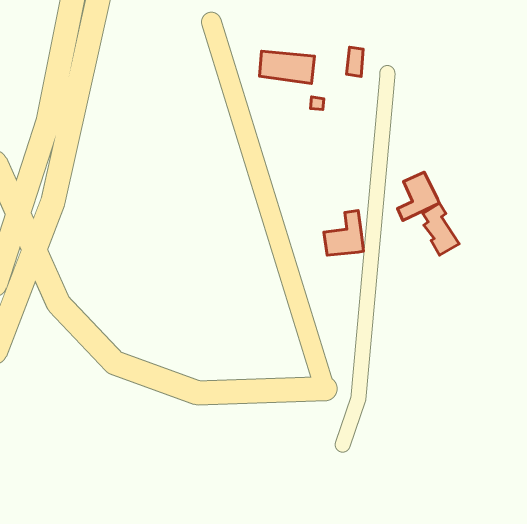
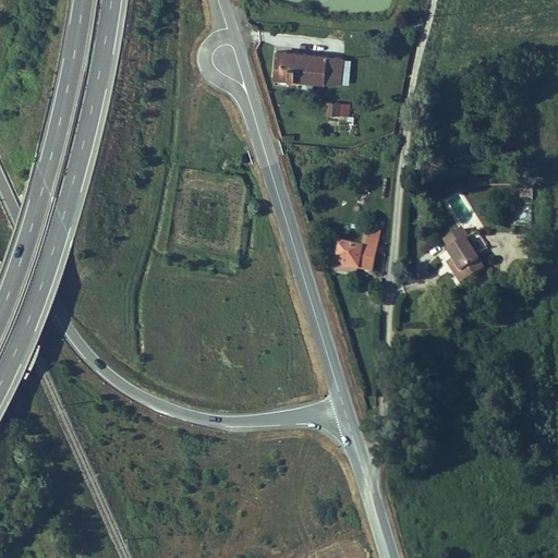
building: [346,47,363,76] -> [326,59,343,89]
building: [398,172,439,220] -> none

